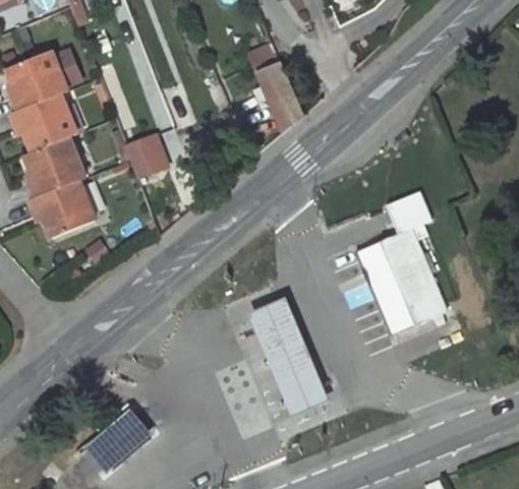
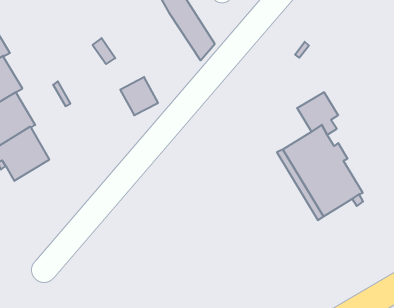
building: [125,133,166,175] -> [120,77,158,115]
building: [248,297,330,417] -> none

